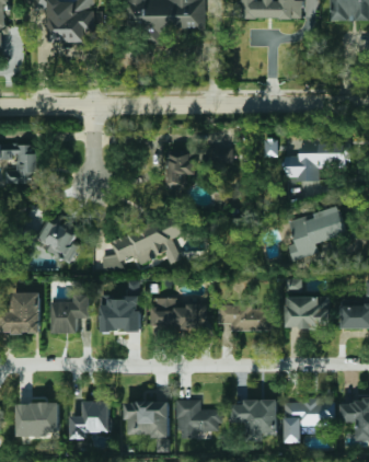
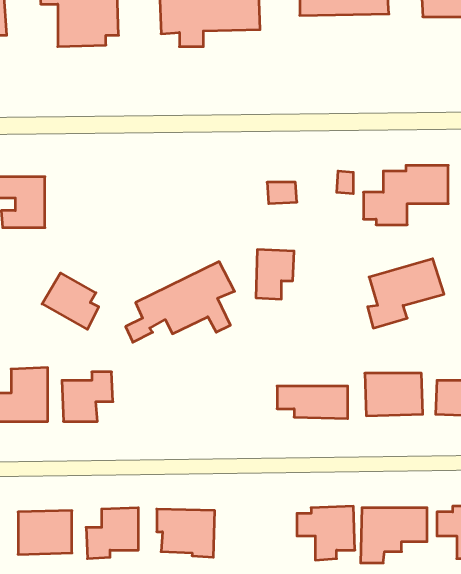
building: [165,150,195,188] -> [256,250,294,299]
building: [99,297,139,332] -> none
building: [149,298,199,331] -> none
building: [175,399,219,438] -> none

